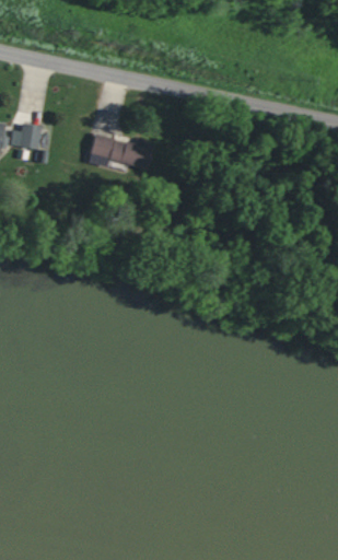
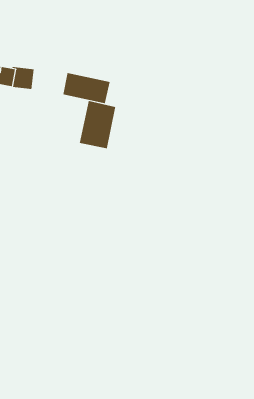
building: none -> [79,100,116,149]

